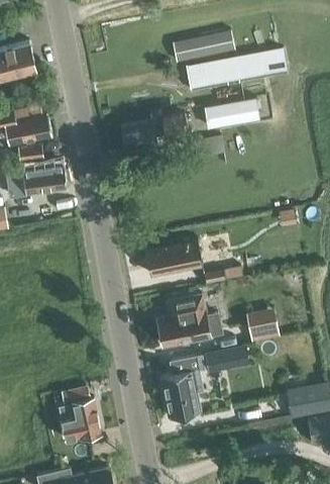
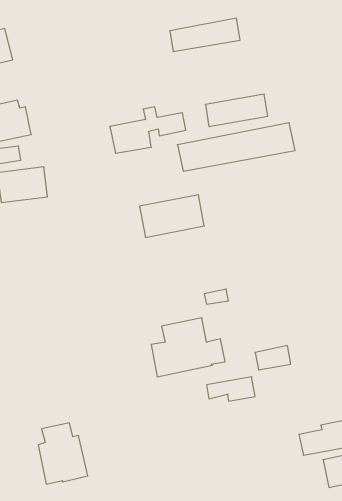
building: [185,49,288,91] -> [177,123,295,171]
building: [145,238,202,276] -> [140,195,204,237]
building: [159,355,203,420] -> none

